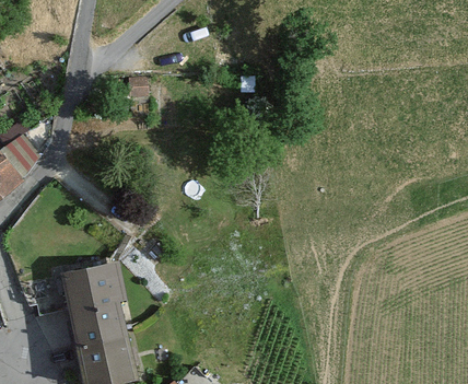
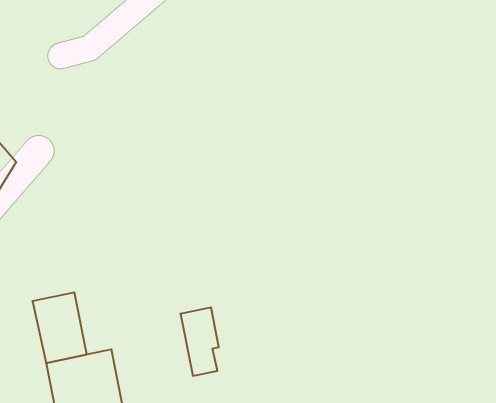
building: [91,264,125,324] -> [180,308,219,376]

